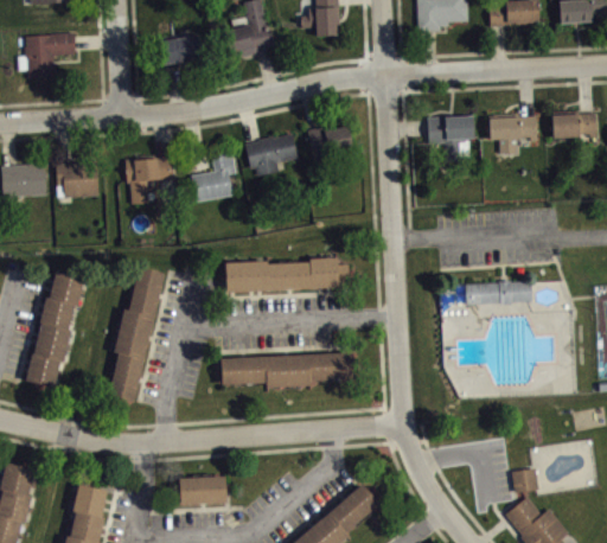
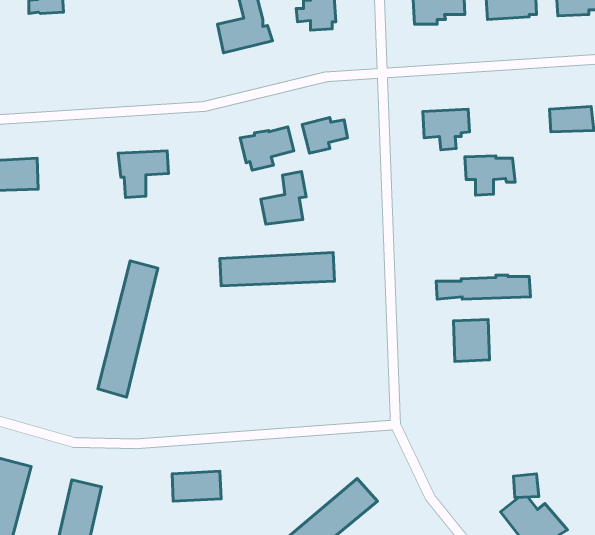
building: [19,33,76,78] -> none
building: [160,37,203,65] -> none
building: [488,115,538,154] -> [465,156,515,195]
building: [191,149,236,202] -> [261,172,306,224]
building: [56,162,98,198] -> none
building: [24,272,87,389] -> none
building: none -> [453,319,489,361]
building: [221,352,354,389] -> none

